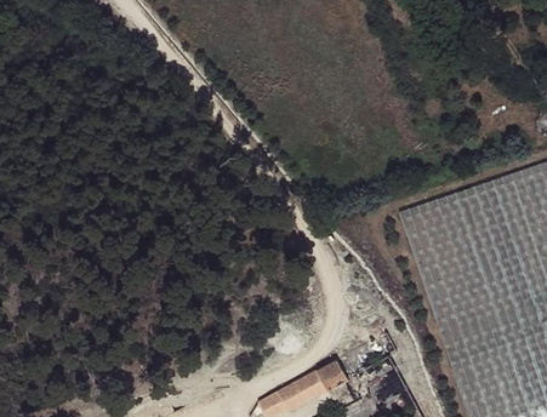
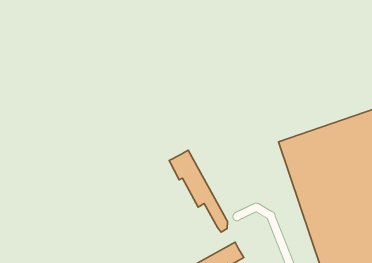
building: none -> [169,150,228,232]

